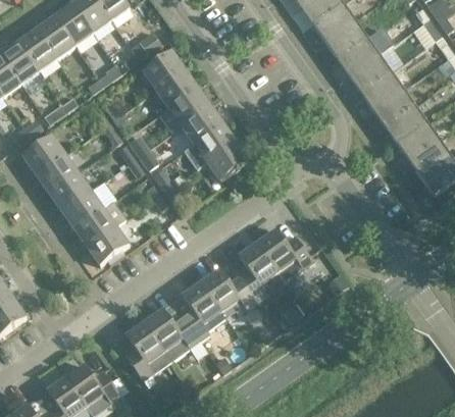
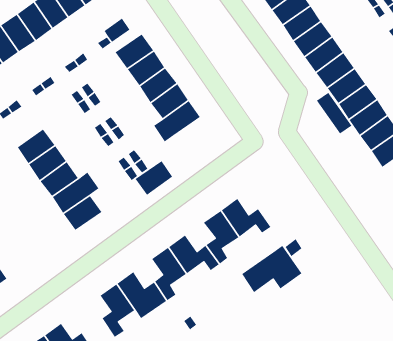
building: none -> [316,92,352,134]
building: [22,135,64,173] -> none
building: [206,141,248,179] -> [135,160,173,196]
building: none -> [241,245,303,293]

